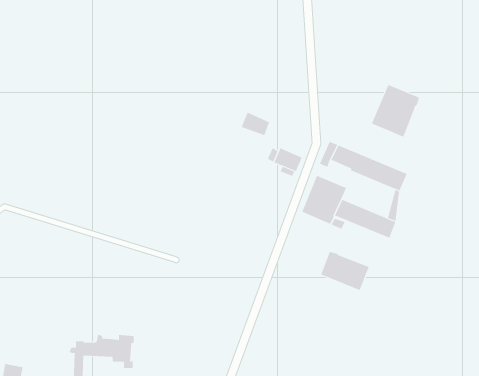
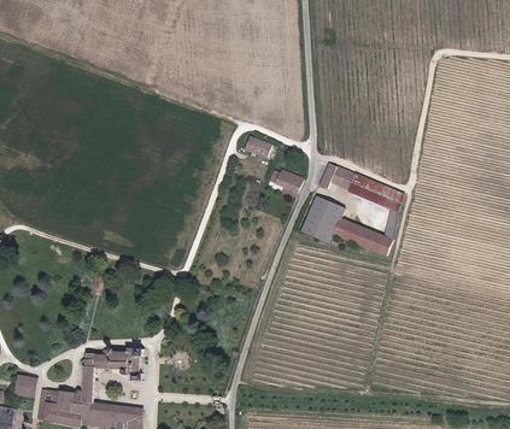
building: [371,84,419,138] -> none
building: [320,251,370,291] -> none

